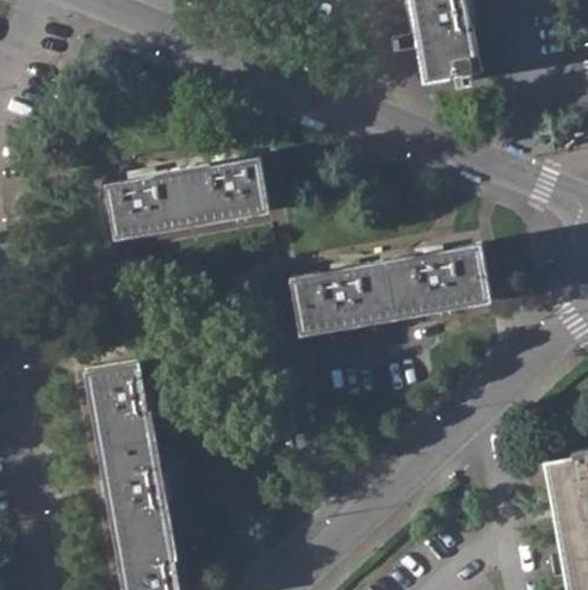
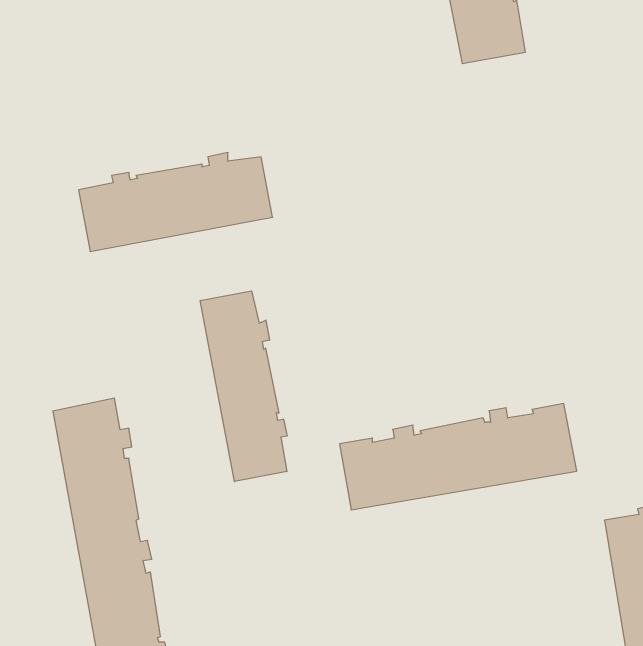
building: [292,246,489,334] -> [340,404,577,510]
building: none -> [200,291,287,482]

